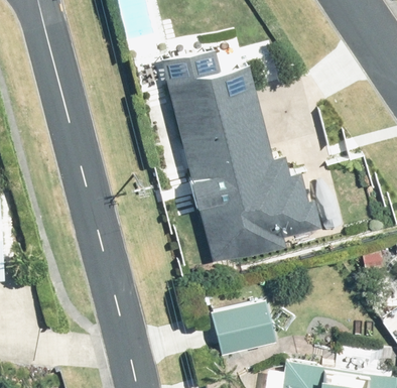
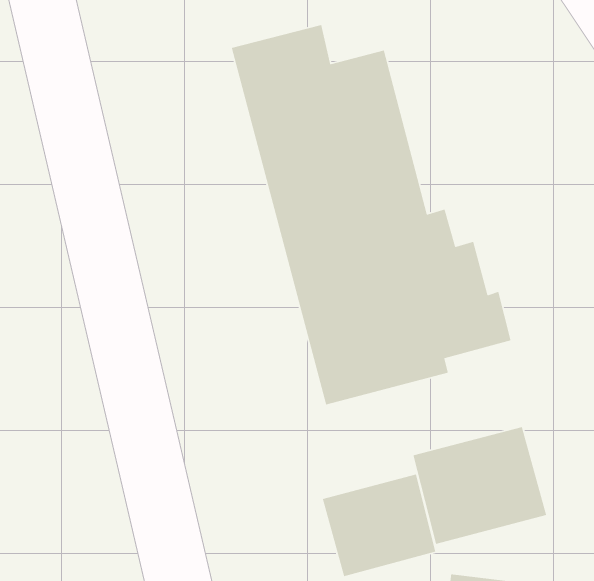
building: none -> [413,426,547,545]

